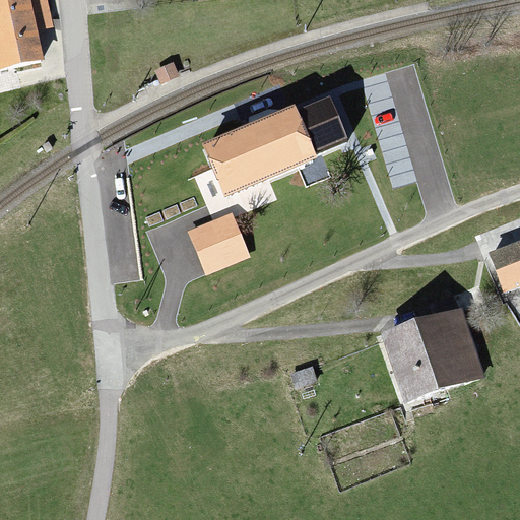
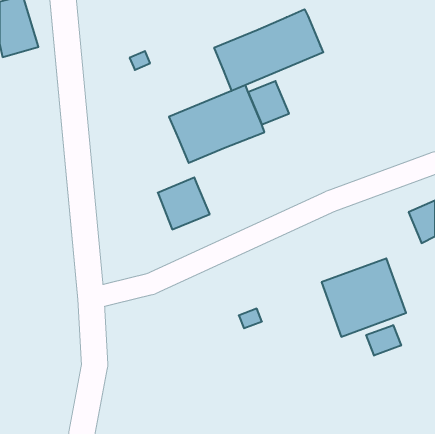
building: none -> [214,9,323,91]
building: none -> [366,325,401,356]

